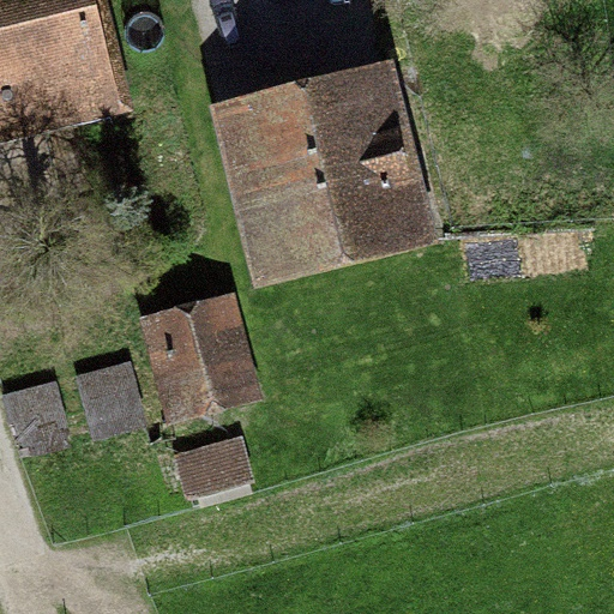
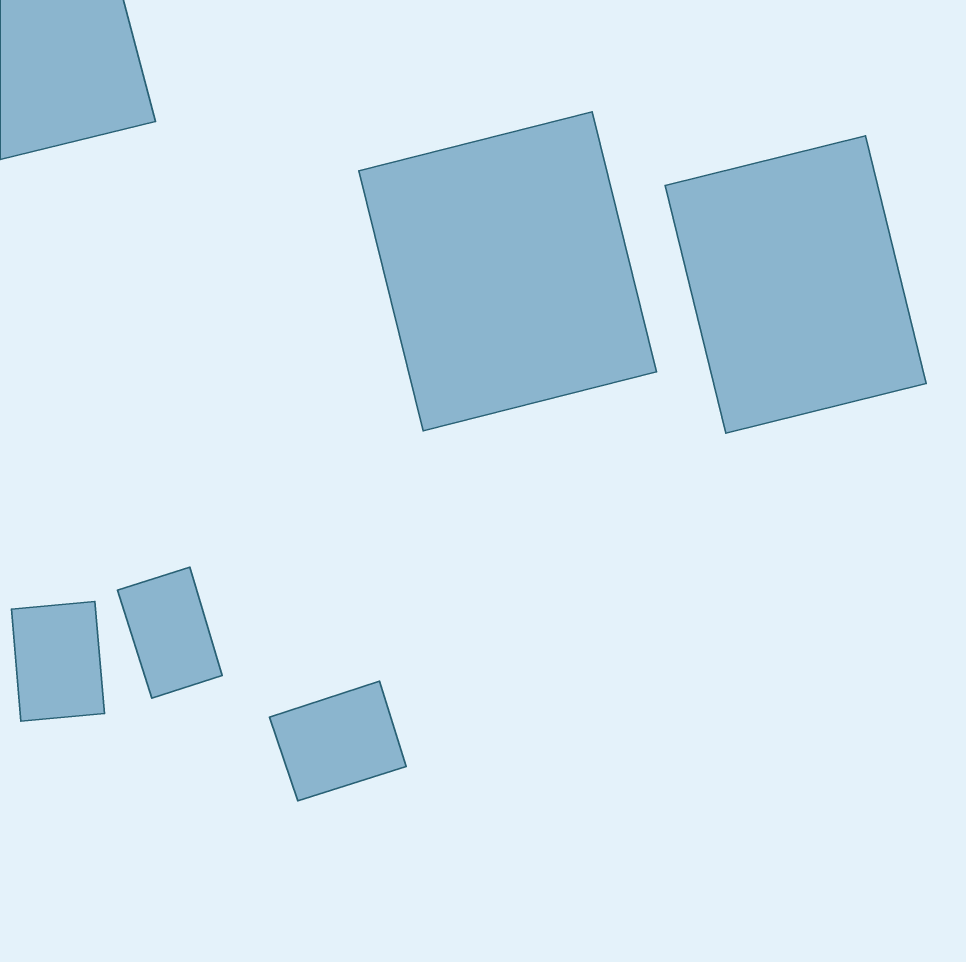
building: none -> [665,136,926,433]
building: [152,307,240,405] -> none

